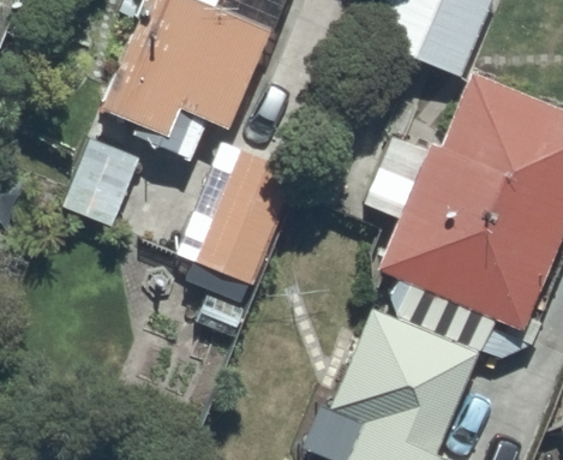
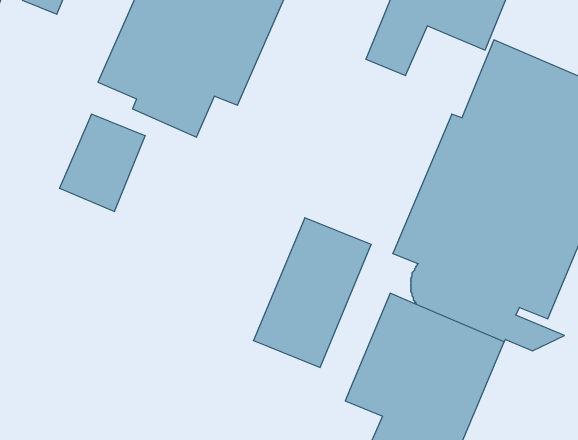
building: [193,145,304,286] -> [253,218,371,367]

